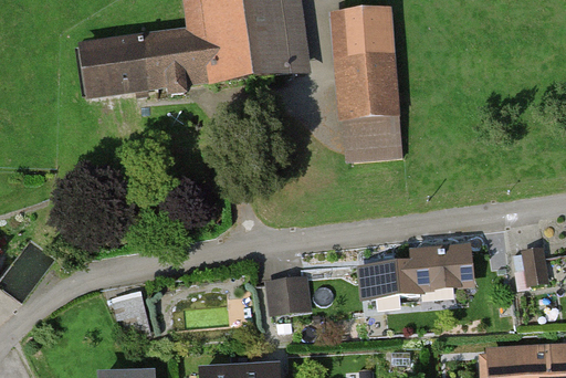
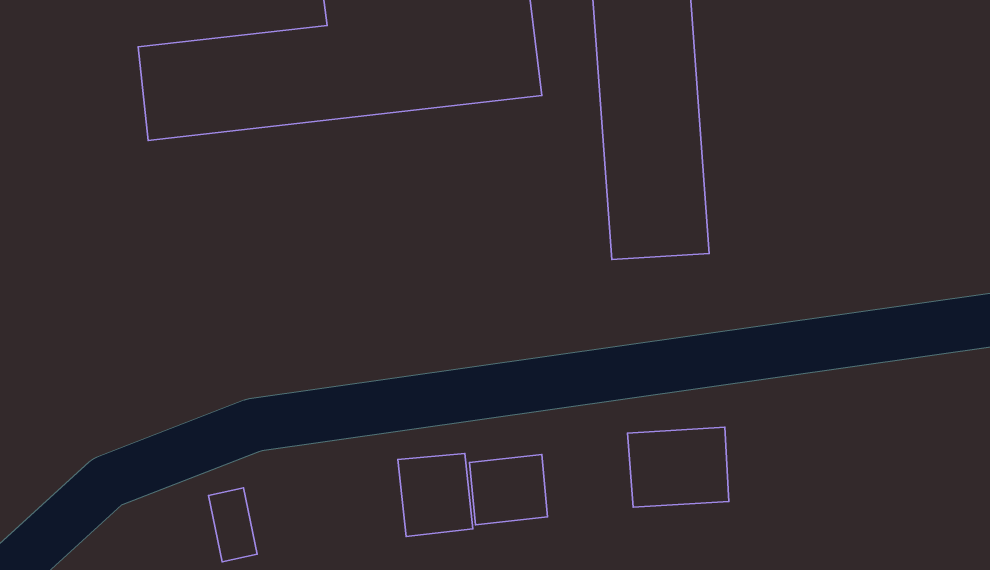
building: [413,243,471,283] -> none
building: [521,243,551,287] -> none
building: none -> [398,453,473,536]

